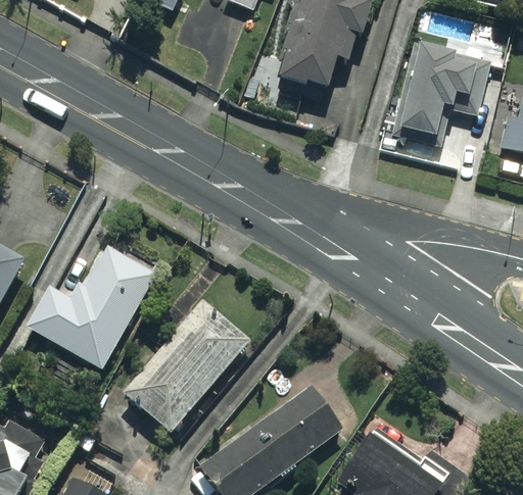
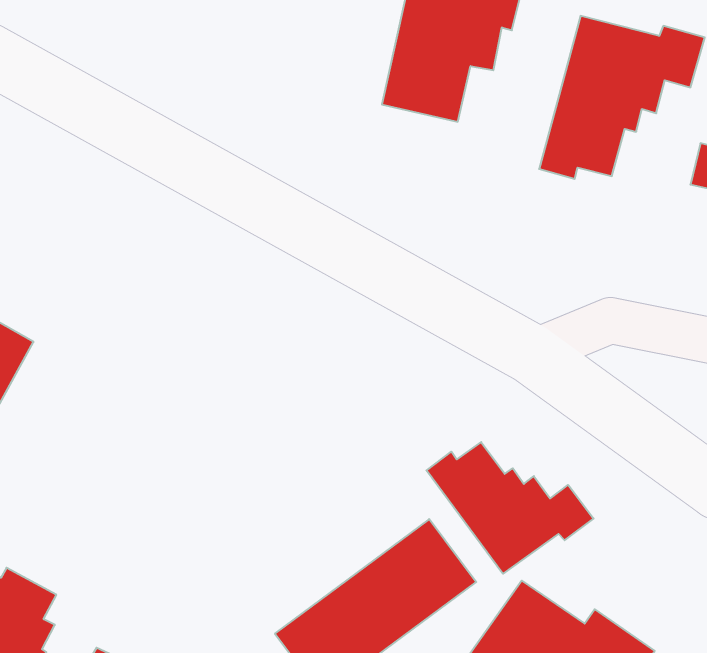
building: [26,245,156,369] -> none
building: [123,299,250,434] -> none
building: none -> [426,442,594,574]

